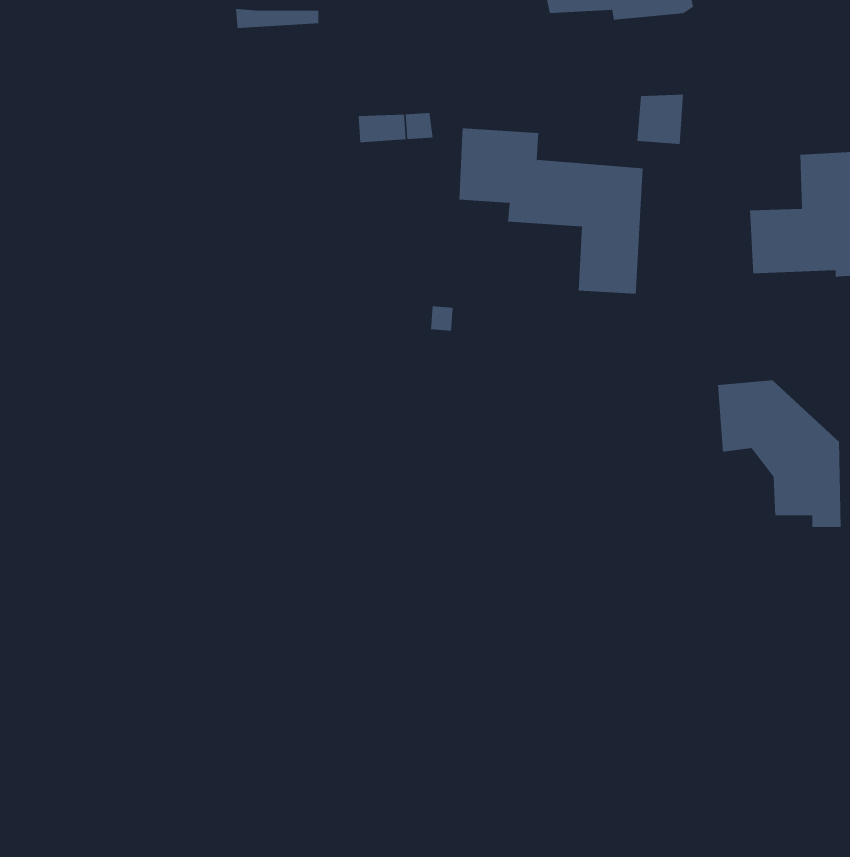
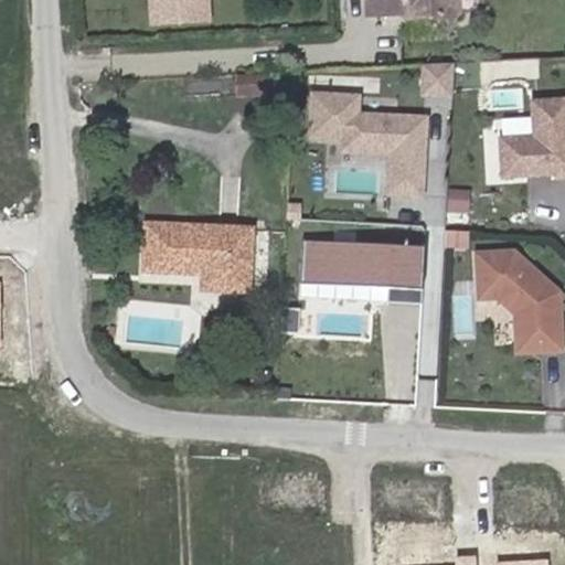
building: none -> [147,226,248,295]
building: none -> [308,238,430,300]

